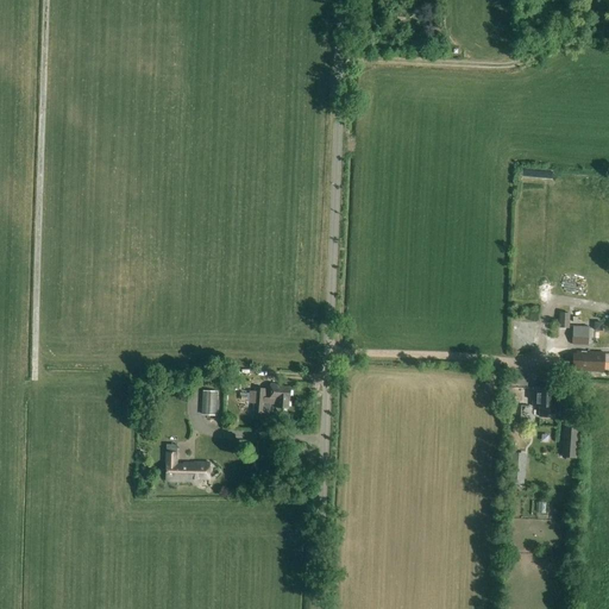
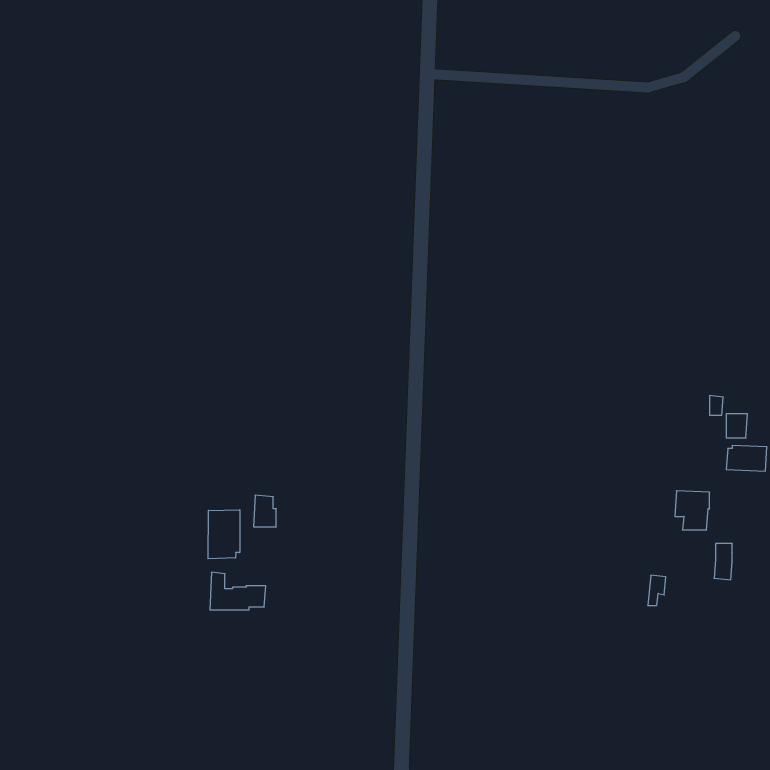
building: [250,383,291,413] -> none
building: none -> [208,510,240,559]

